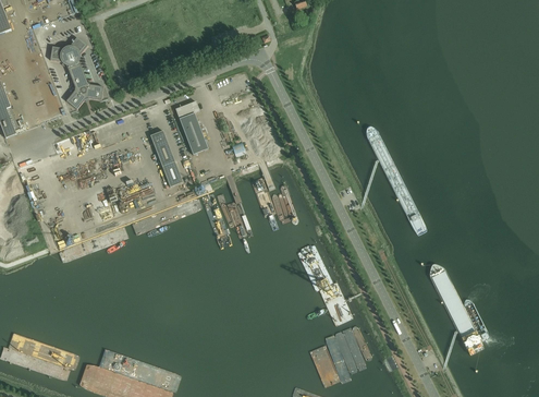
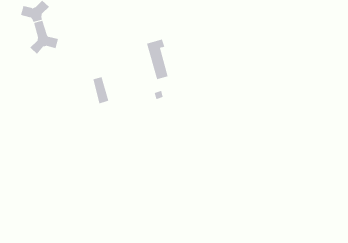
building: [174,103,207,156] -> [146,39,169,80]

